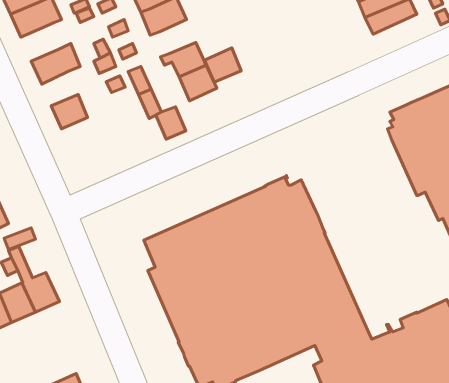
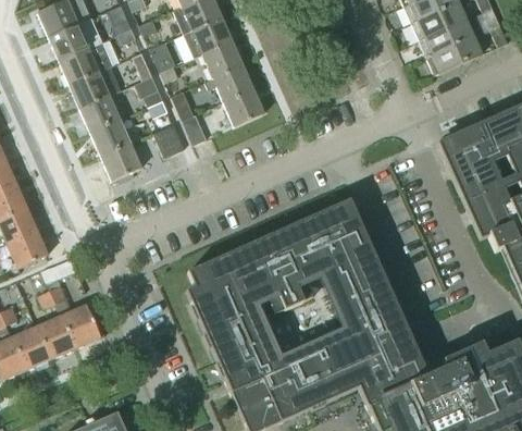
building: none -> [427,35,481,73]
building: none -> [60,41,112,84]
building: [205,48,241,82] -> [204,40,243,76]
building: none -> [82,95,120,131]
building: [156,107,186,139] -> [153,123,185,157]
building: none -> [102,143,140,180]

